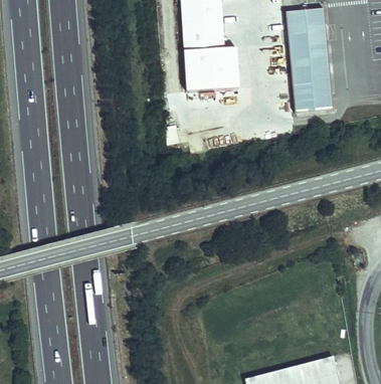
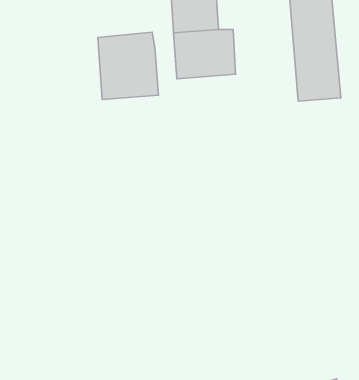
building: none -> [98,32,158,99]

